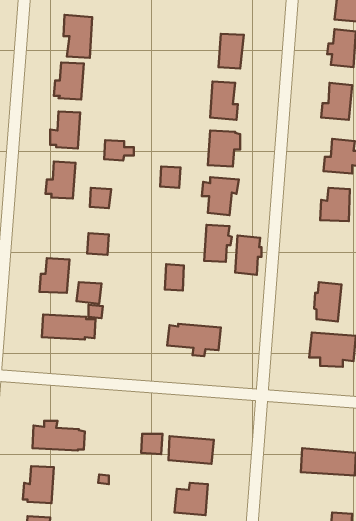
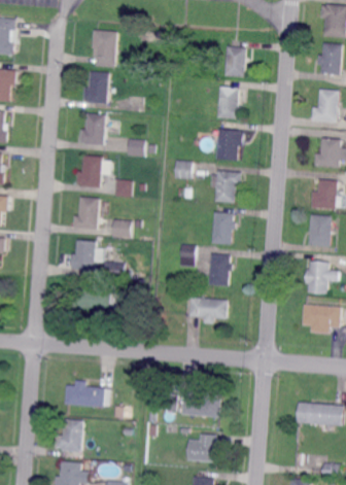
building: none -> [73,197,99,230]
building: none -> [309,214,333,246]
building: [235,235,261,275] -> [209,252,232,286]

